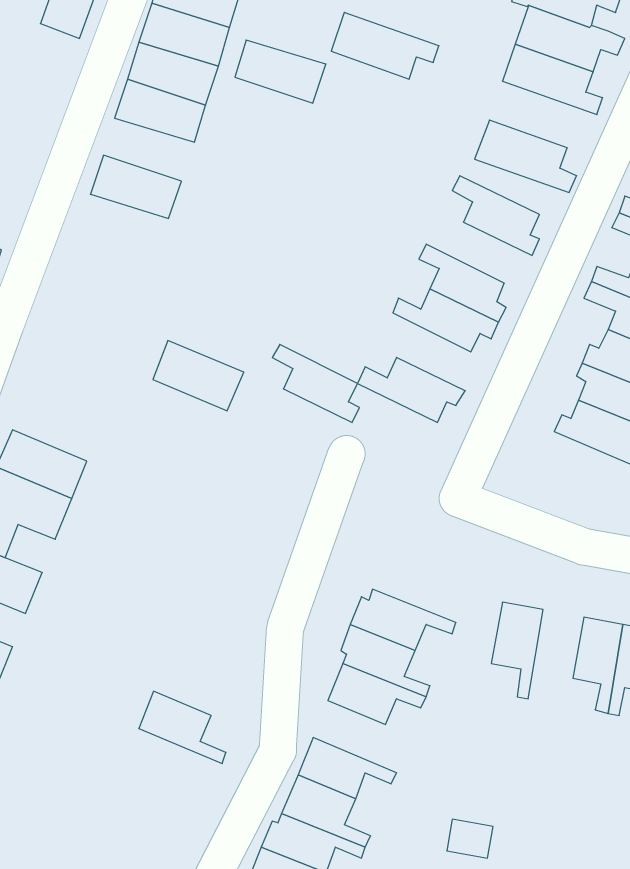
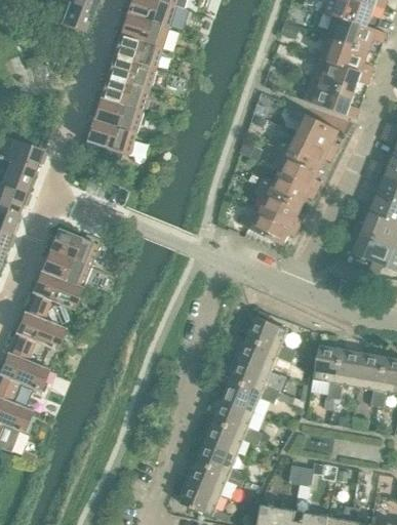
building: [331,12,439,79] -> [312,56,371,93]
building: [235,40,326,103] -> [98,77,149,112]
building: none -> [84,119,134,155]
building: none -> [277,134,335,168]
building: [153,341,244,411] -> [48,228,98,267]
building: [272,344,359,422] -> [254,185,303,228]
building: none -> [247,316,295,356]
building: none -> [333,349,364,399]
building: [139,691,226,764] -> [214,399,263,439]

